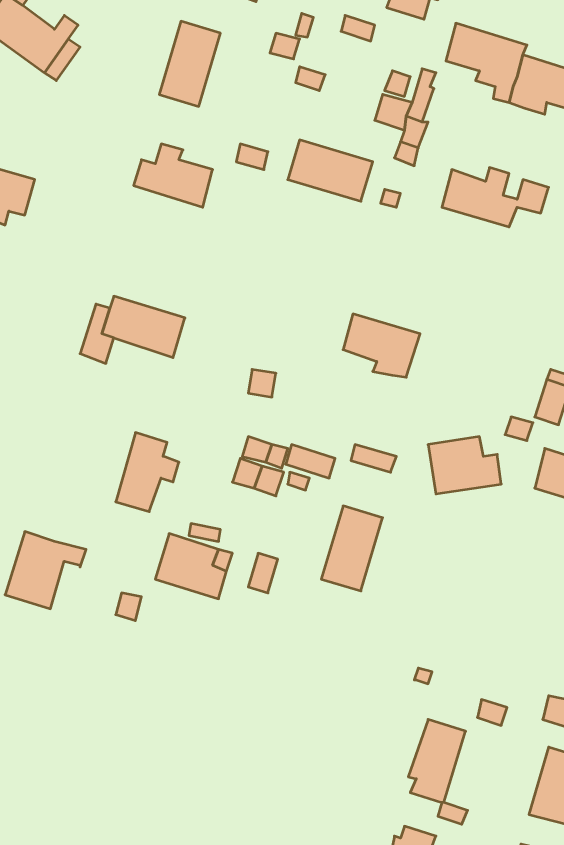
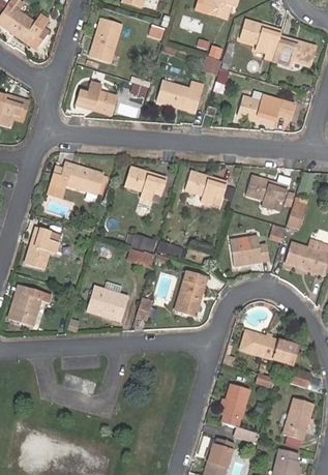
building: none -> [126,167,167,200]
building: none -> [247,175,288,208]
building: [116,433,179,512] -> [26,227,59,268]
building: none -> [239,329,293,362]

